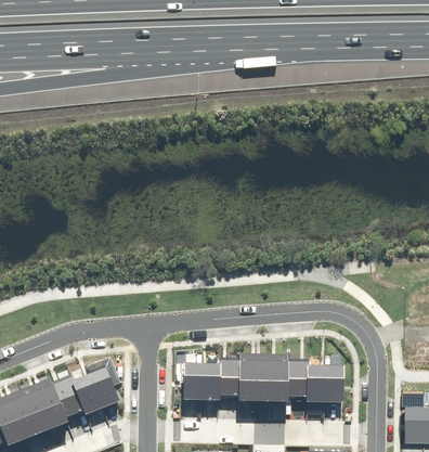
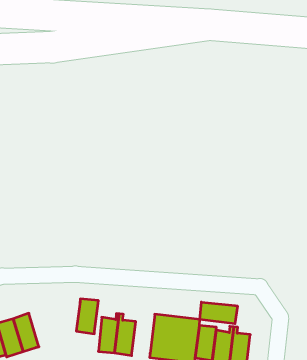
building: none -> [200,302,237,324]
building: [219,361,239,397] -> [76,299,98,334]

